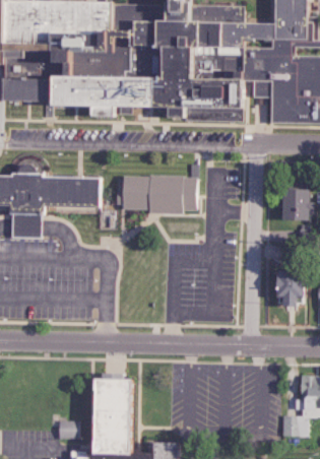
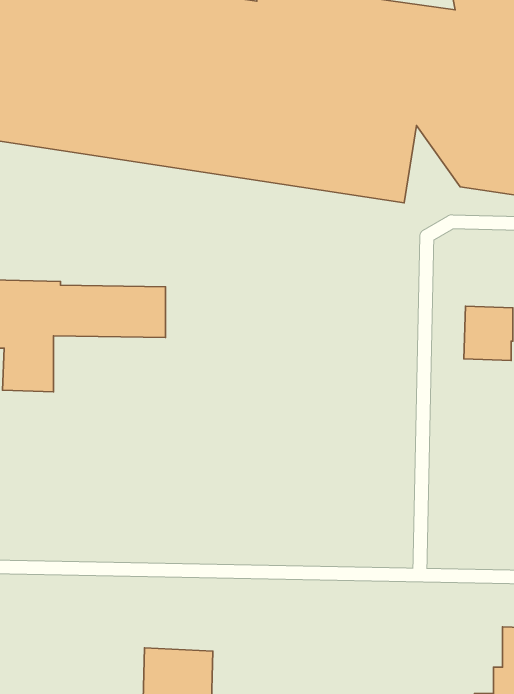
building: [119,175,197,212] -> none
building: [271,271,299,307] -> none

